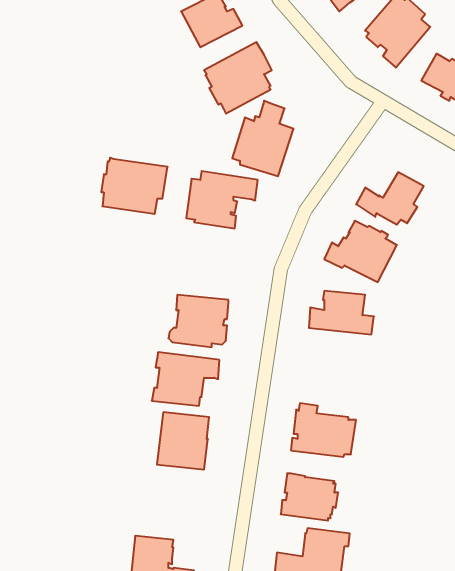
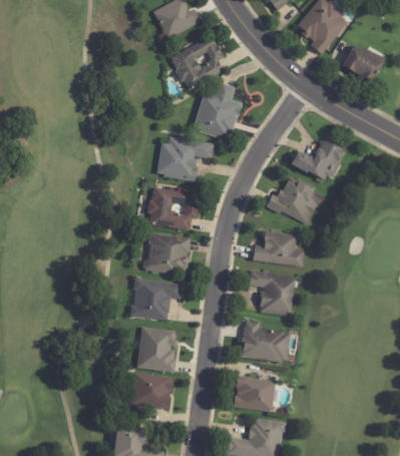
building: [101,158,168,214] -> [146,187,198,232]
building: none -> [249,270,296,315]
building: none -> [130,371,173,408]

